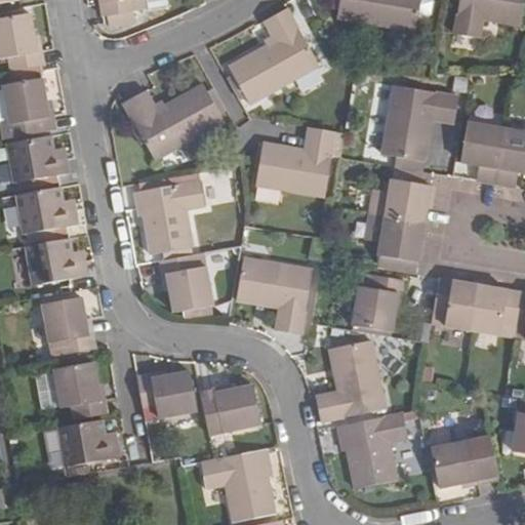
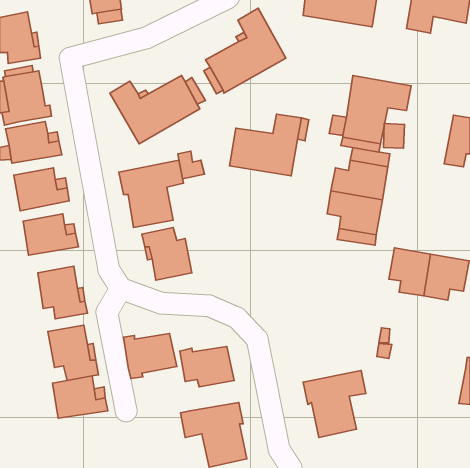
building: [459,122,504,183] -> none
building: [236,258,311,333] -> none
building: [352,274,404,332] -> none
building: [315,339,386,420] -> none
building: [432,440,499,486] -> none

